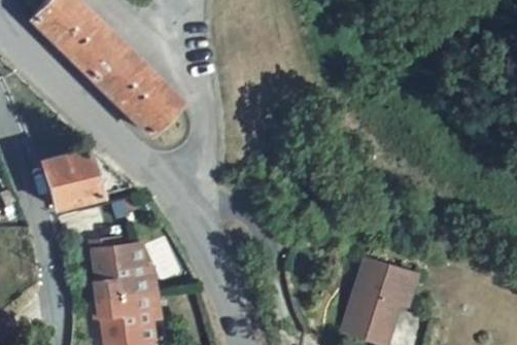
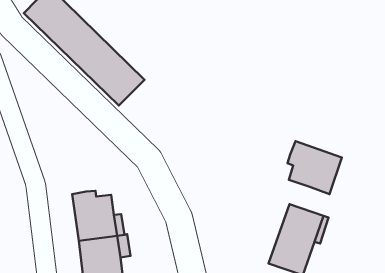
building: [43,149,137,210] -> none
building: none -> [288,141,342,194]

